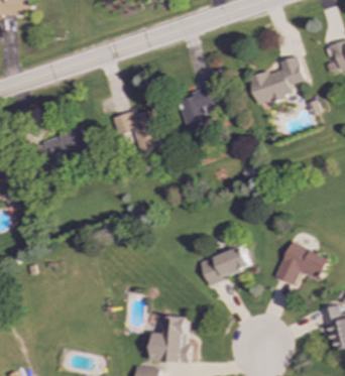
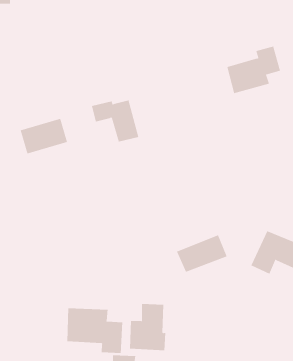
building: [177,85,216,135] -> none
building: none -> [67,308,123,354]

